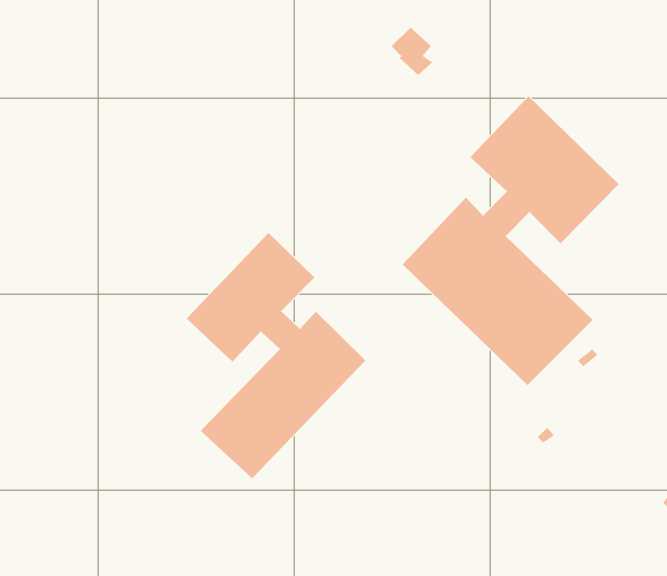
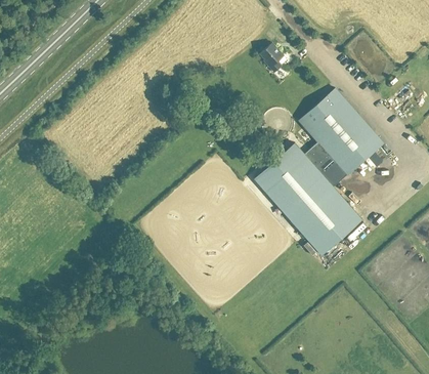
building: [186,232,366,479] -> none

